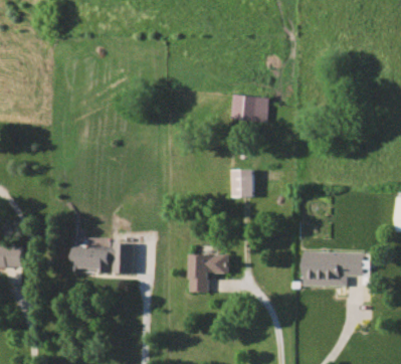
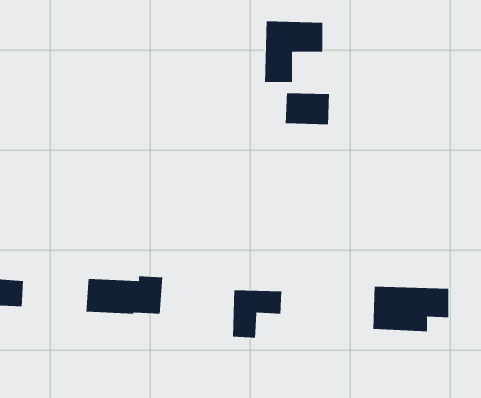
building: none -> [264,20,323,83]
building: [232,169,253,197] -> none

